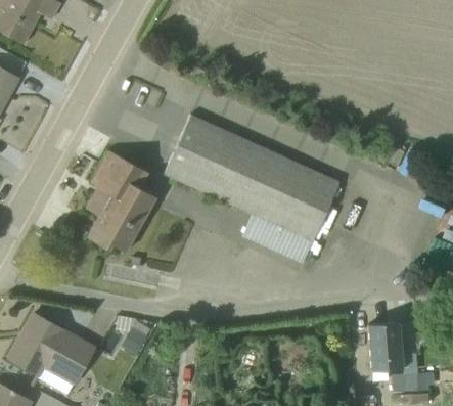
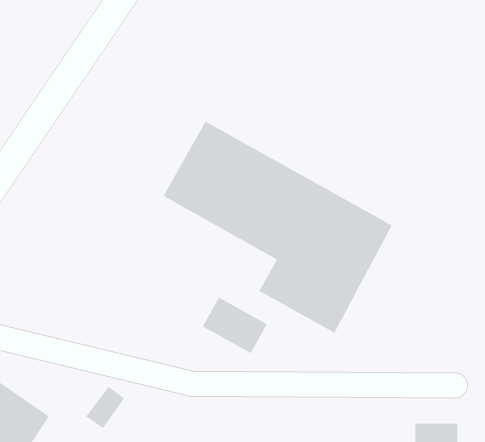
building: [86,148,153,253] -> none
building: none -> [202,296,268,354]

